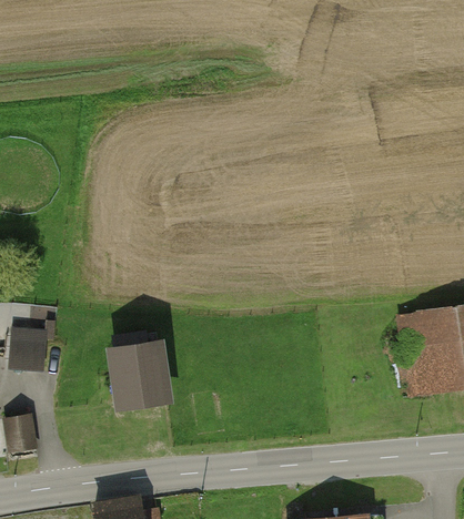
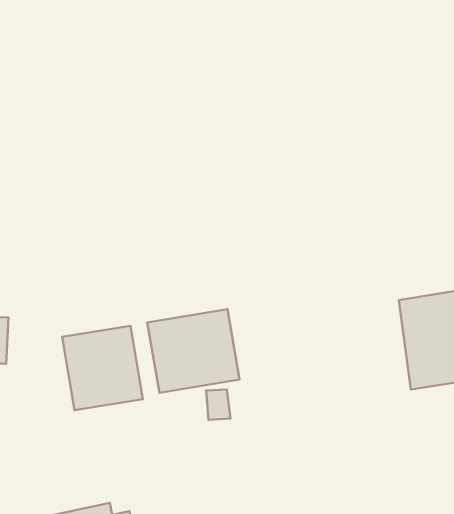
building: none -> [147,309,240,393]

